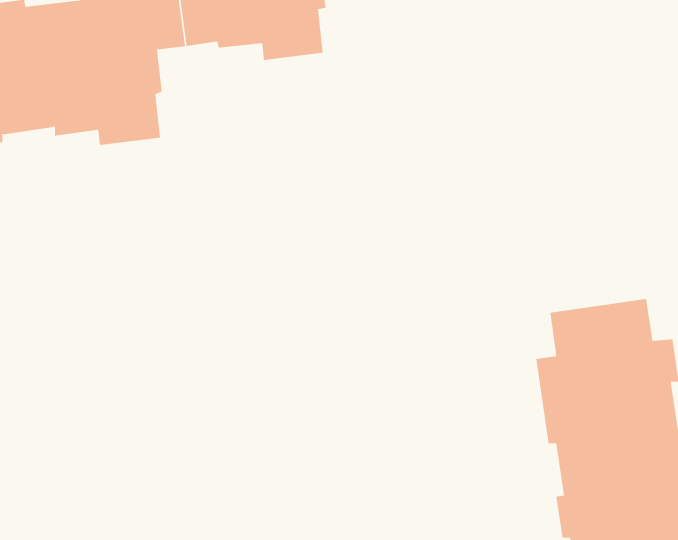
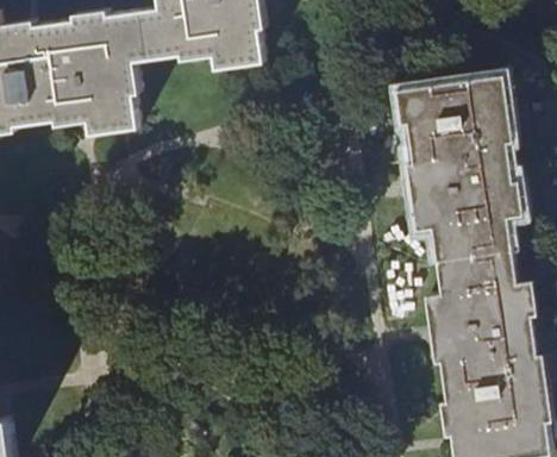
building: none -> [396,75,522,261]

